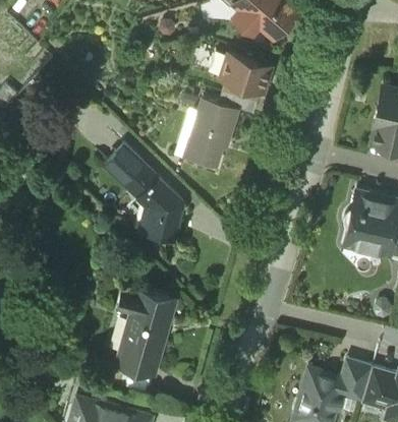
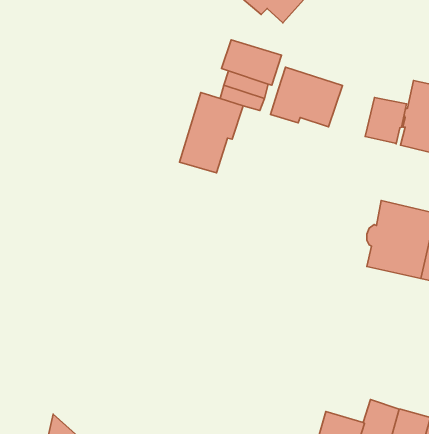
building: none -> [270,67,342,127]
building: none -> [365,98,406,144]
building: [106,146,183,239] -> none
building: [116,287,174,370] -> none

